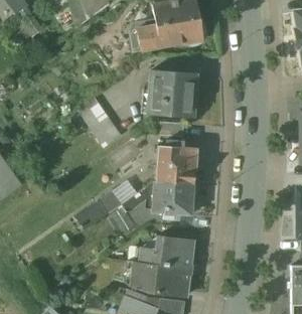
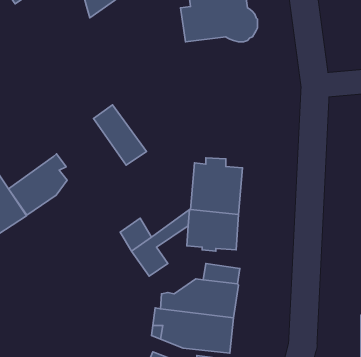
building: [146,69,195,117] -> none
building: none -> [8,154,67,215]

